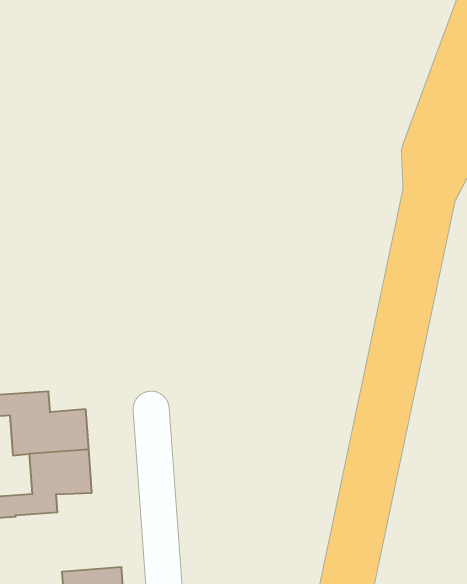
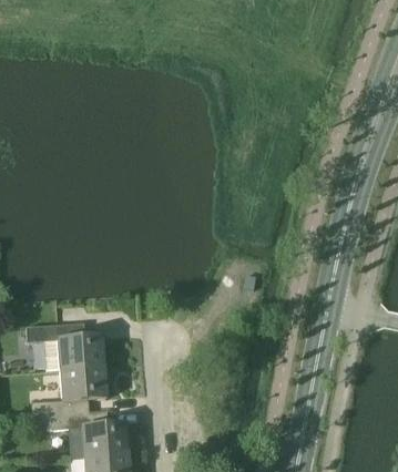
building: none -> [50,412,129,460]

